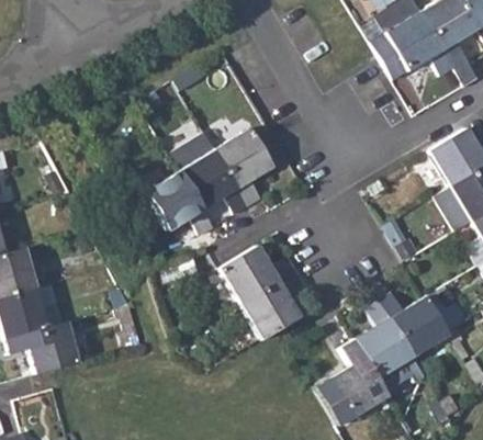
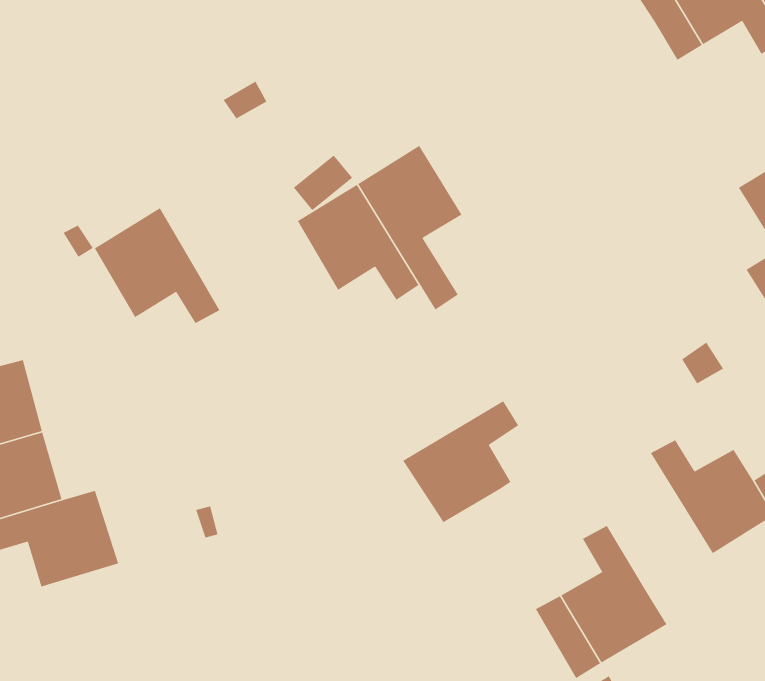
building: [144,168,215,234] -> [94,207,221,324]
building: [220,244,297,303] -> none
building: [356,298,415,377] -> none

